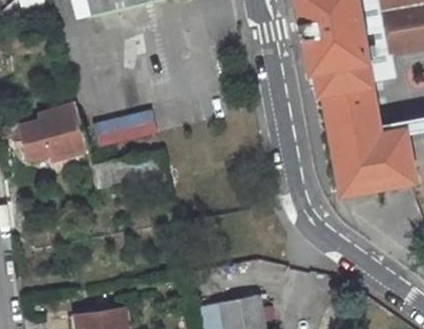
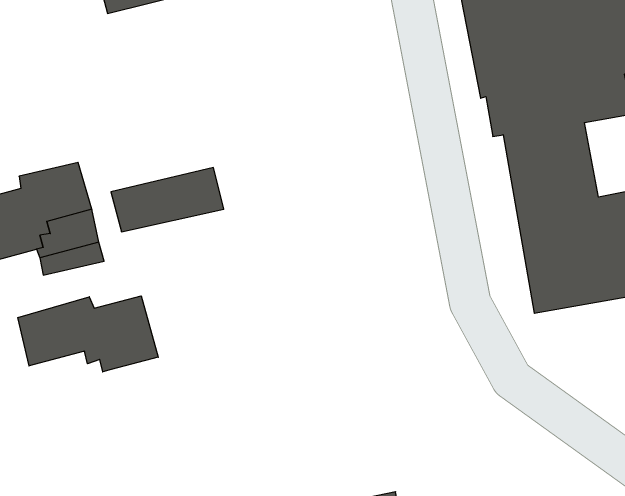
building: none -> [18,296,158,372]

